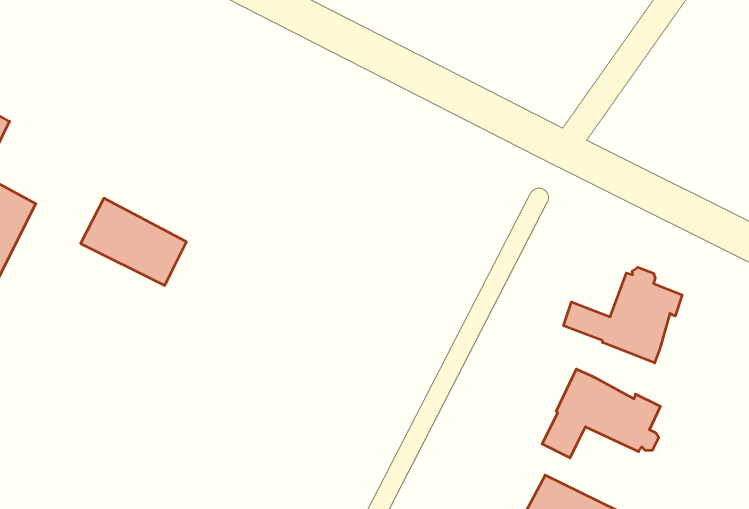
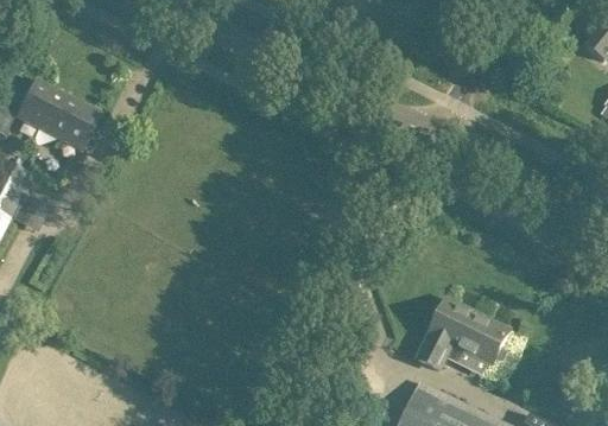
building: [81,198,186,285] -> [14,83,95,150]
building: [564,267,682,363] -> none

